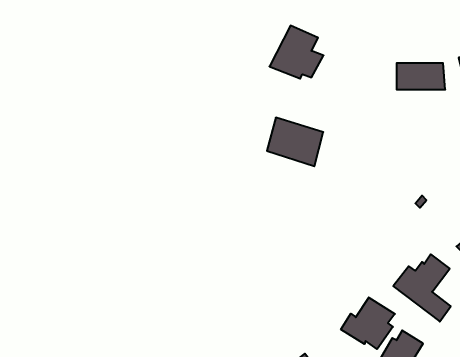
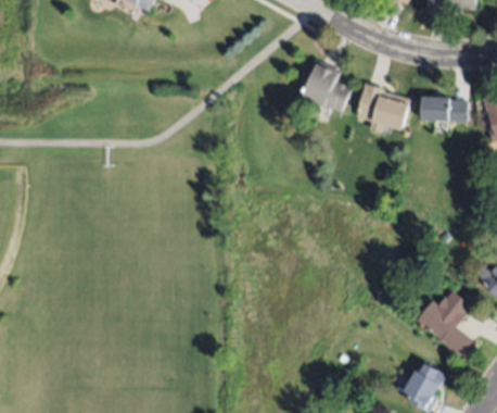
building: [267,118,323,166] -> [354,85,409,133]
building: [341,297,395,349] -> none

